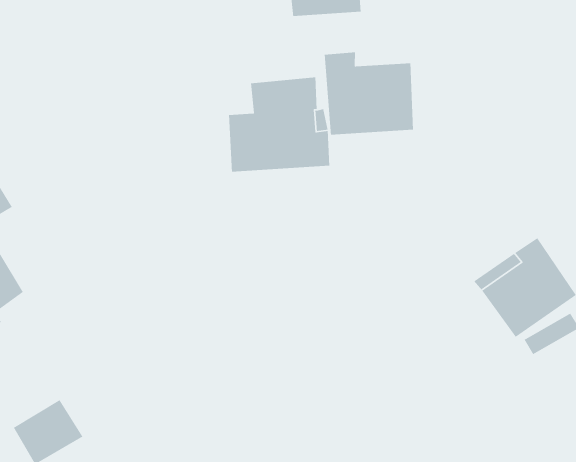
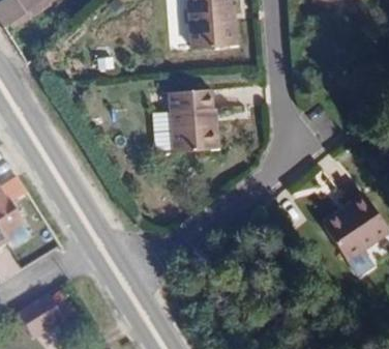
building: [324,52,414,136] -> none

